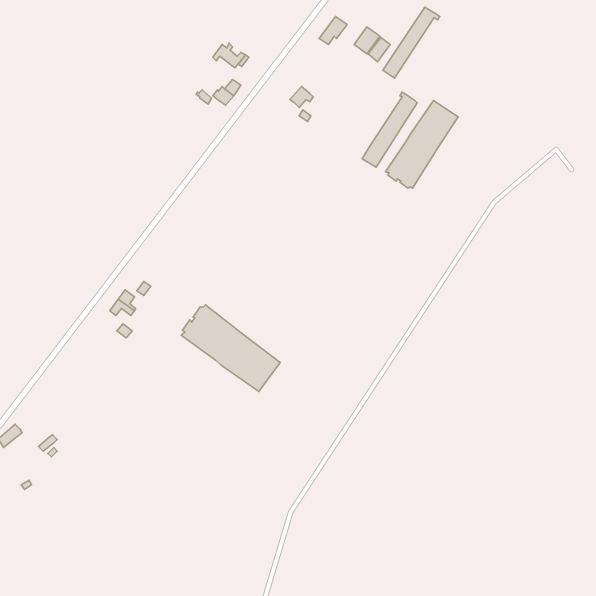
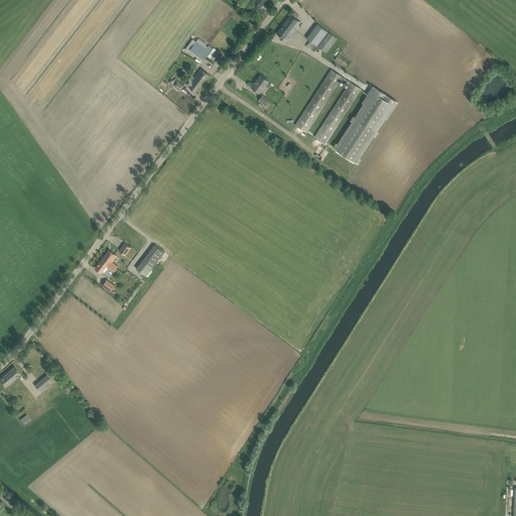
building: [383,7,440,78] -> [294,71,344,132]
building: none -> [135,245,163,278]
building: [181,305,280,392] -> none

